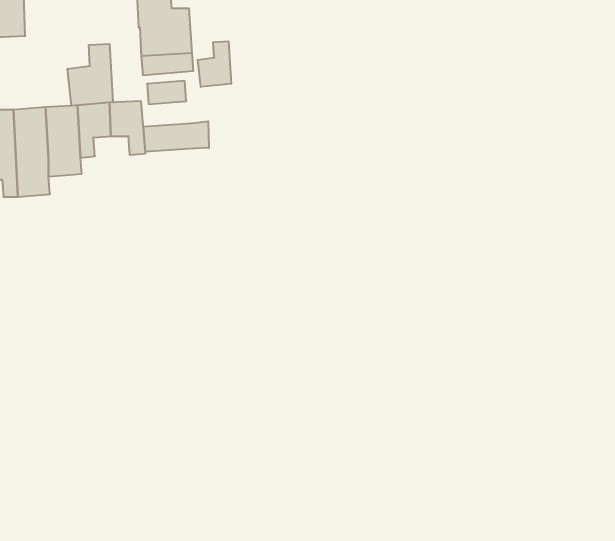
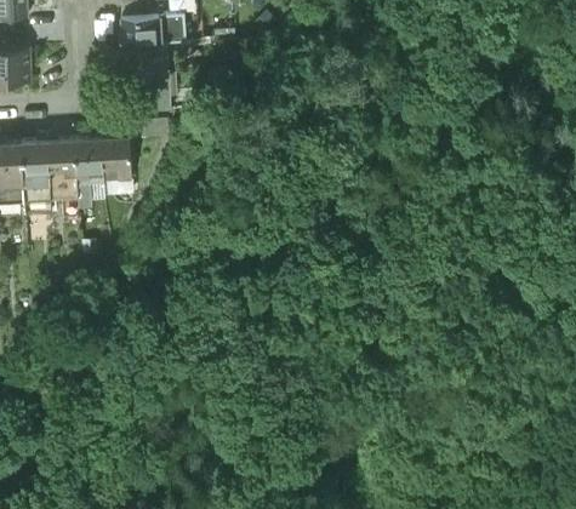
building: [198,41,231,87] -> none
building: [68,44,113,106] -> none
building: [144,121,209,152] -> none

